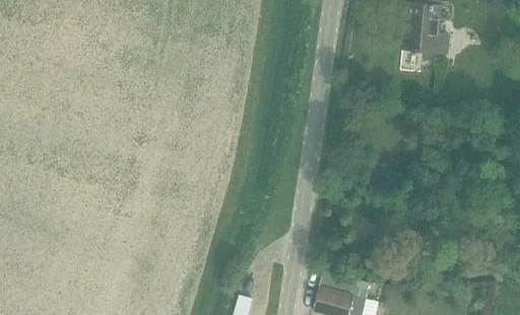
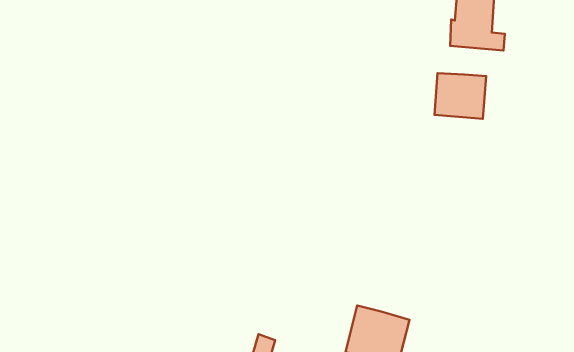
building: none -> [434,73,486,119]

